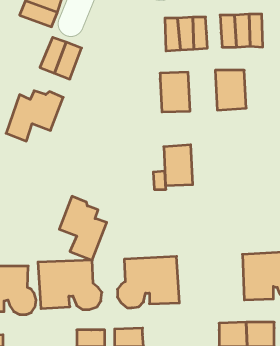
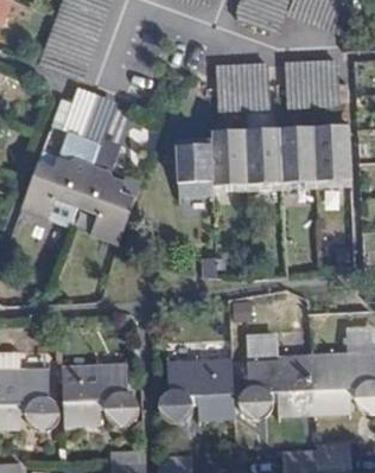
building: none -> [316,129,352,178]
building: none -> [178,142,215,185]
building: [164,145,193,186] -> [247,132,282,181]
building: [59,196,107,260] -> [78,165,136,243]
building: none -> [240,357,316,420]

